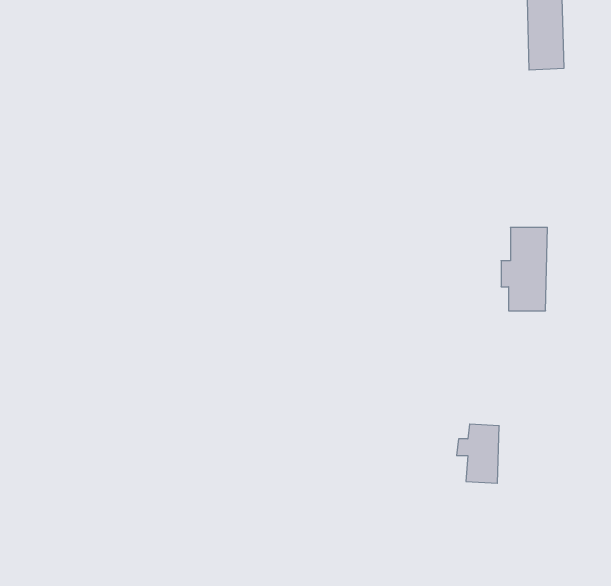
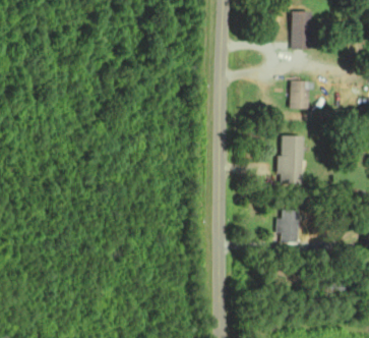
building: none -> [290,79,310,109]
building: [457,424,499,483] -> [275,210,299,242]

